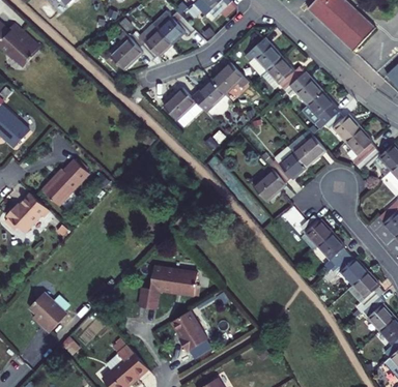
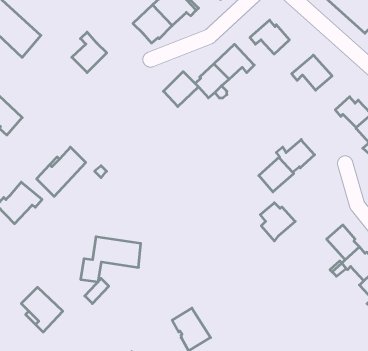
building: [110,32,143,70] -> [72,32,107,73]
building: [267,58,305,90] -> none
building: [302,92,339,129] -> none
building: [288,130,325,167] -> none
building: [300,215,333,251] -> [260,203,295,241]
building: [139,267,196,309] -> [81,237,141,282]

